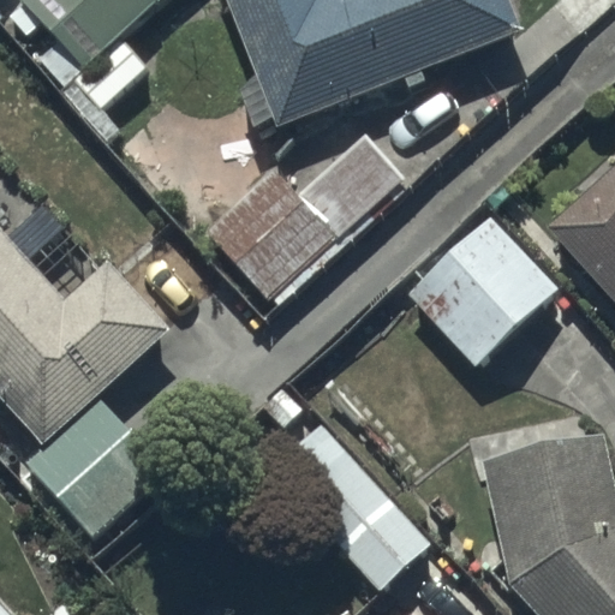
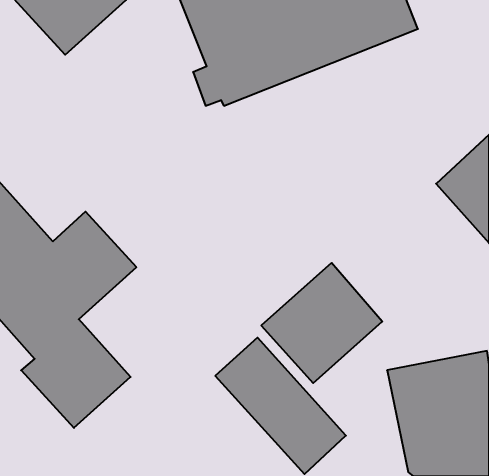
building: [207,137,404,300] -> none
building: [408,216,560,366] -> [261,263,382,383]

